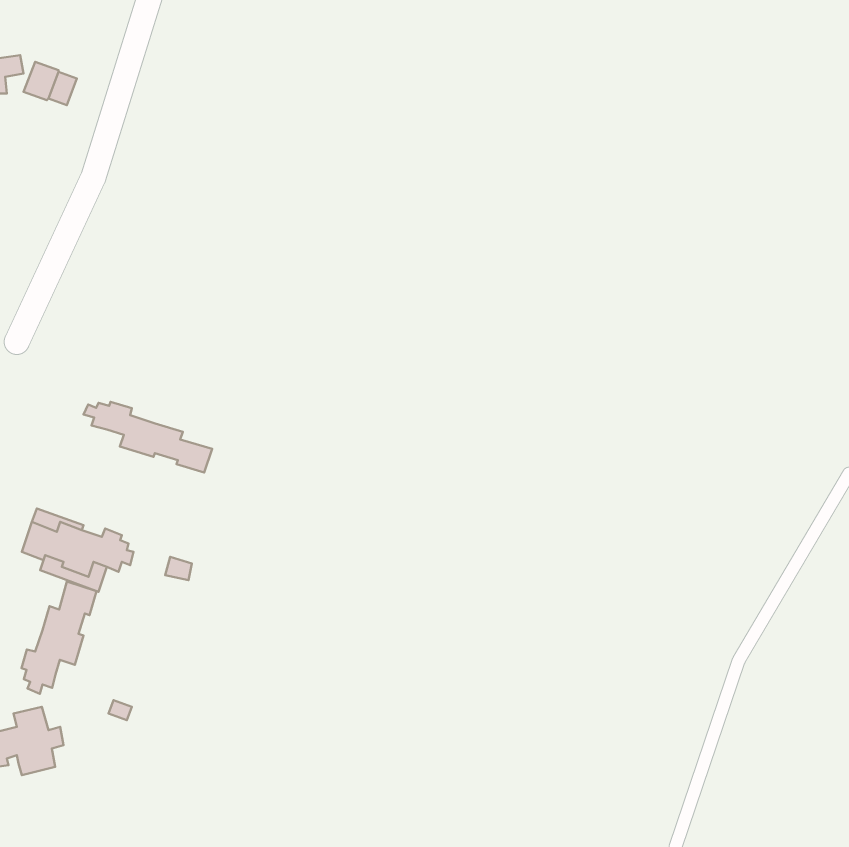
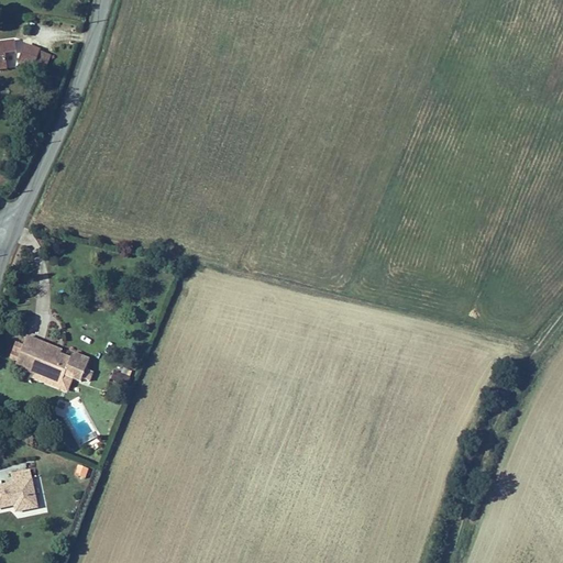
building: [84,402,212,473] -> none
building: [22,581,97,694] -> none

